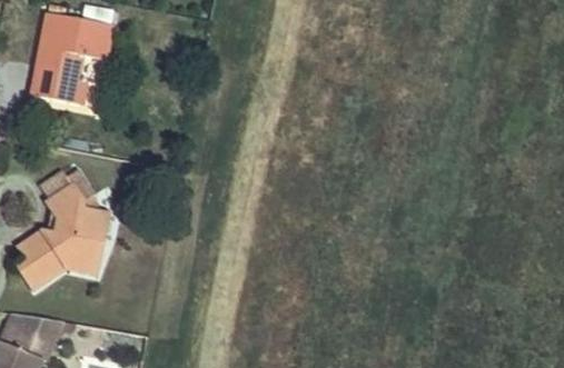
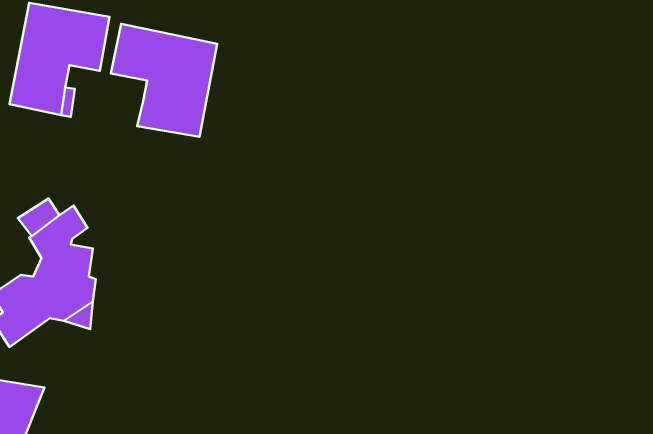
building: none -> [111,24,217,137]

